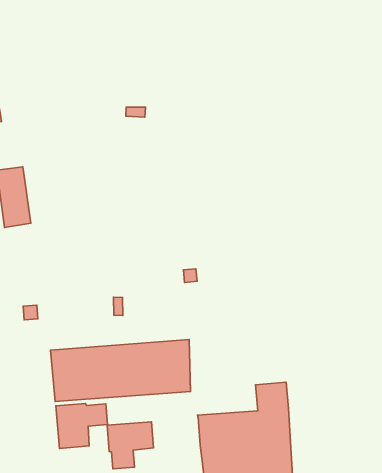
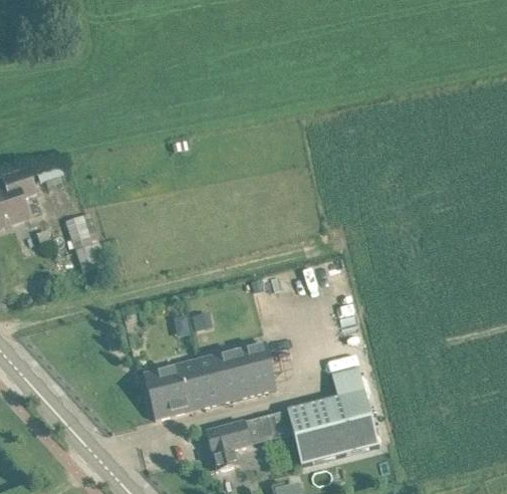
building: [56,403,107,448] -> none
building: none -> [254,410,292,439]

